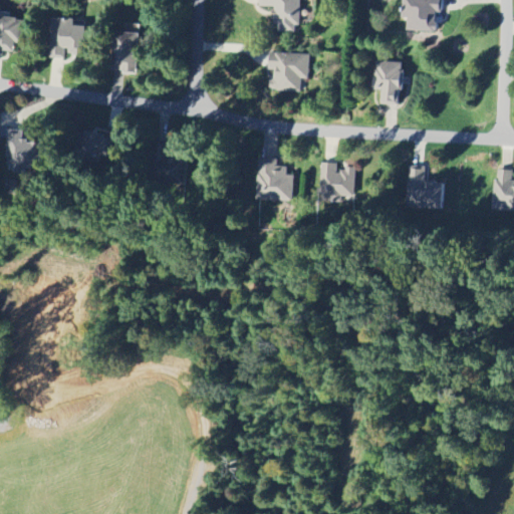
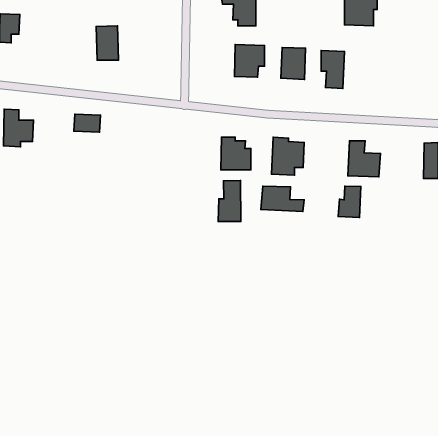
building: [50,16,84,56] -> none
building: none -> [281,48,306,79]
building: none -> [218,181,241,221]
building: none -> [338,186,361,218]
building: none -> [261,186,304,212]

